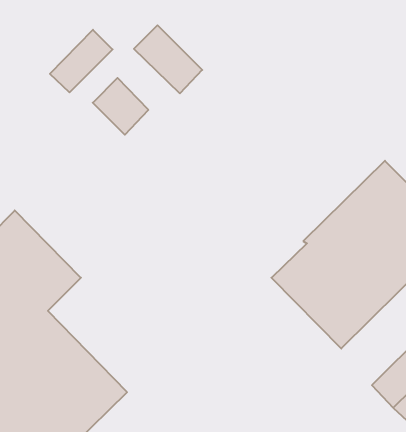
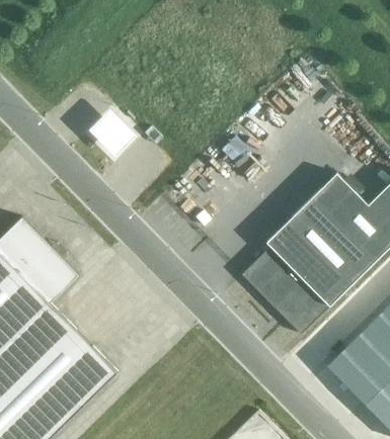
building: [134,25,202,93] -> none
building: [50,30,113,92] -> none

